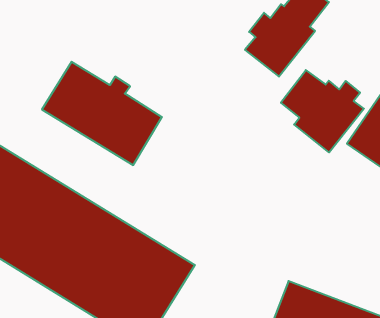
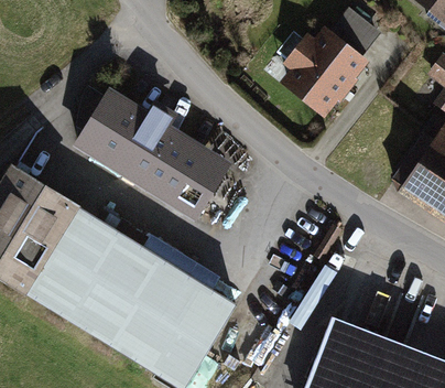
building: [281,70,364,152] -> none
building: none -> [173,151,226,215]

